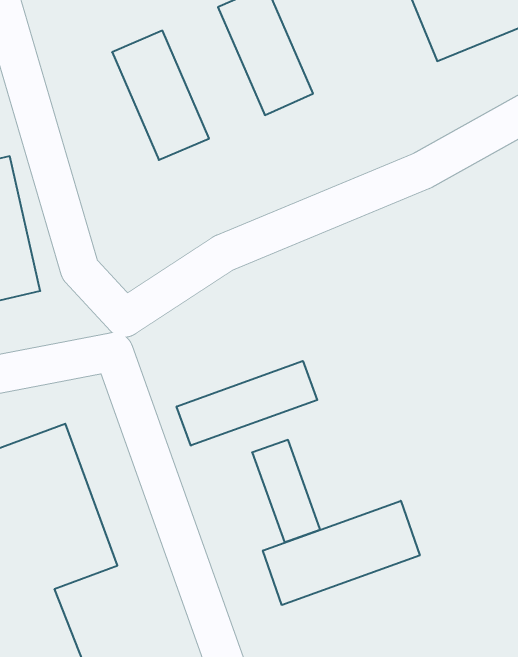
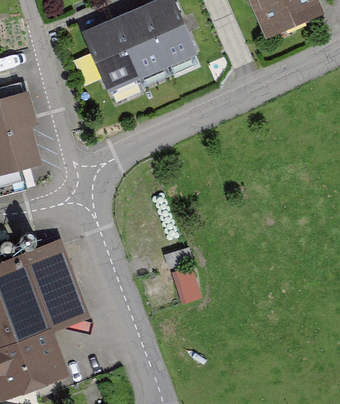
building: none -> [113,6,170,79]
building: [177,361,317,446] -> none
building: [263,501,420,605] -> none

